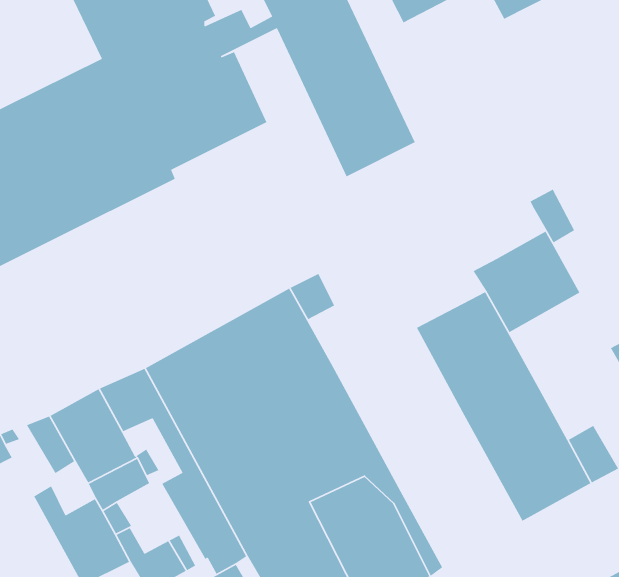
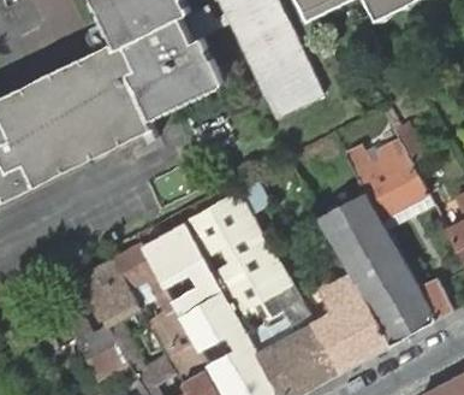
building: none -> [344,140,405,181]
building: none -> [310,276,389,376]

